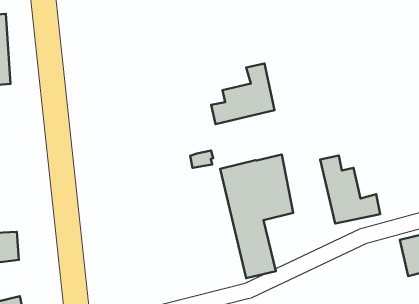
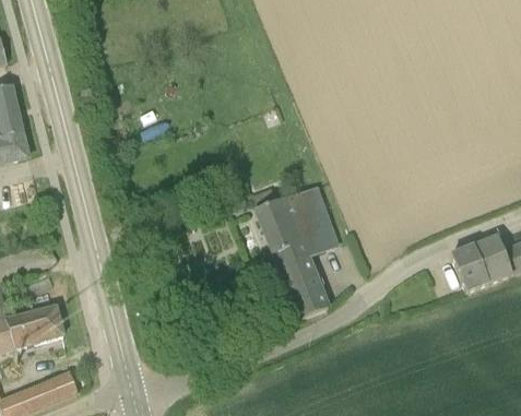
building: [211,64,275,124] -> none
building: [320,155,380,223] -> none

